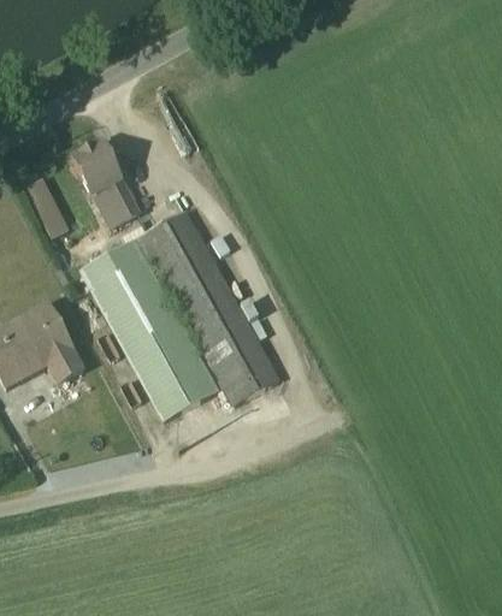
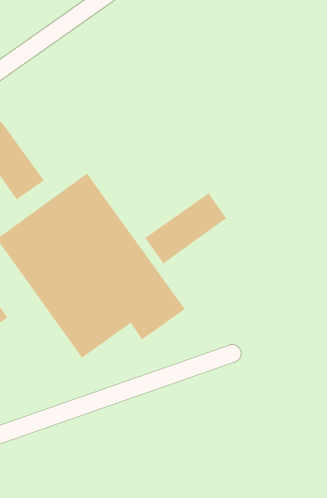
building: none -> [144,192,227,265]

